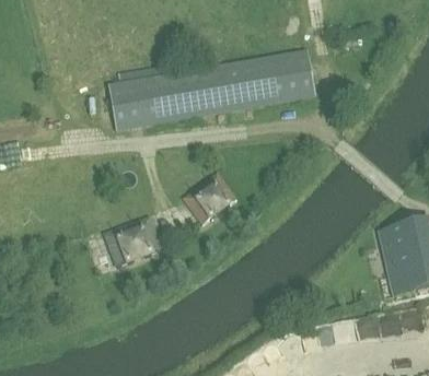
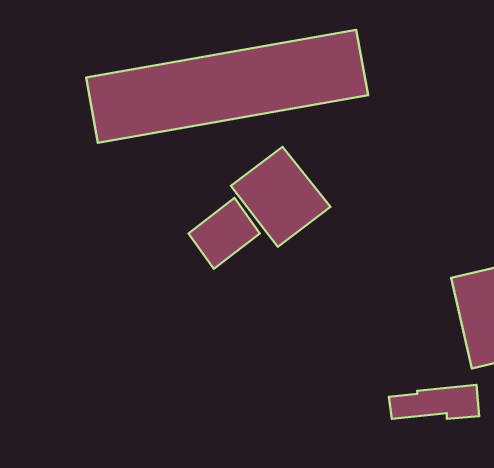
building: none -> [231,147,330,247]
building: [104,215,162,266] -> none

